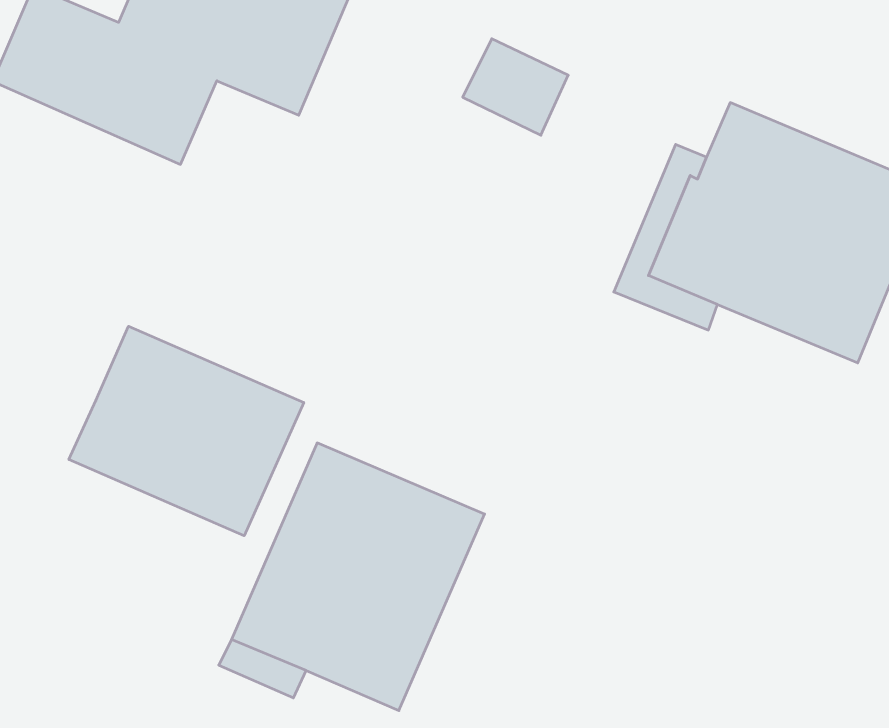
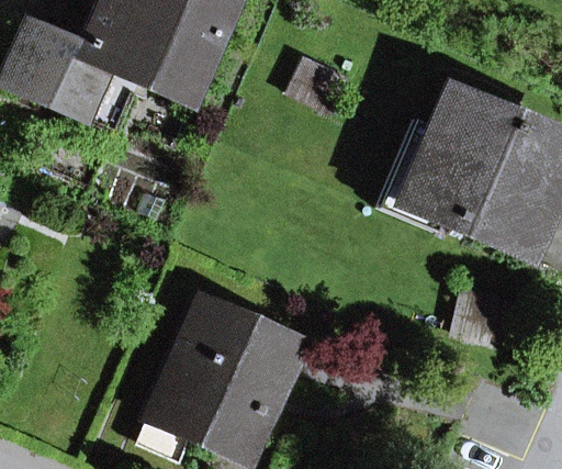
building: [69,326,304,536] -> none

